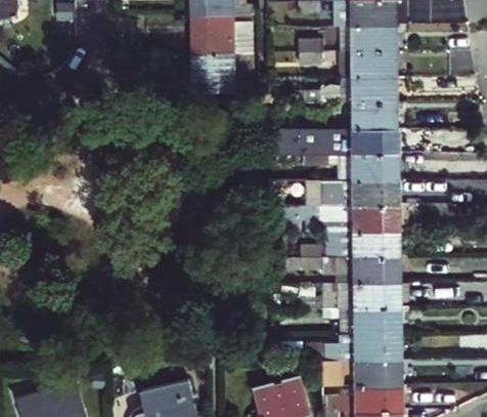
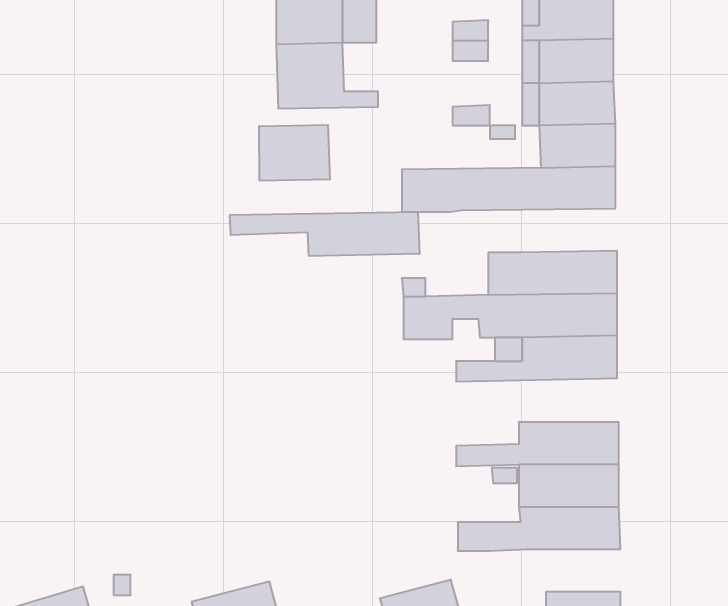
building: none -> [259,125,330,181]
building: [305,153,399,179] -> none
building: none -> [230,212,419,256]
building: [293,255,400,282] -> none
building: [322,359,401,384] -> none

